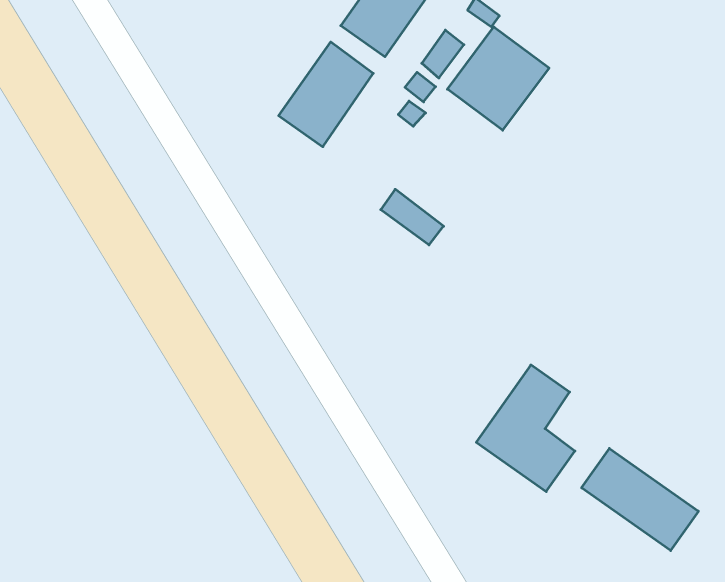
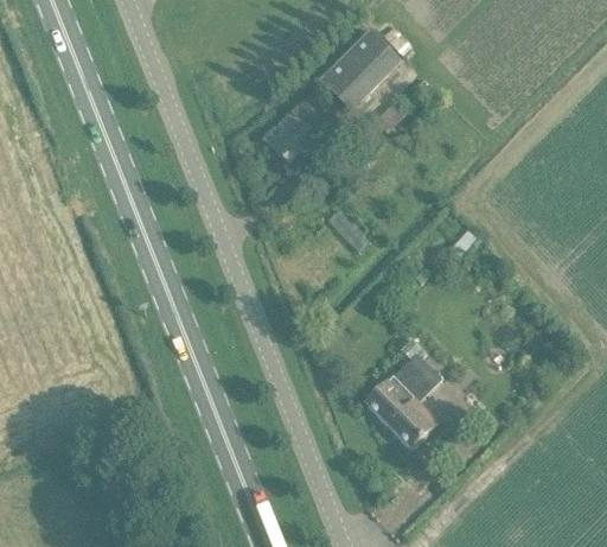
building: [447,27,549,130] -> none
building: [582,448,698,551] -> none

